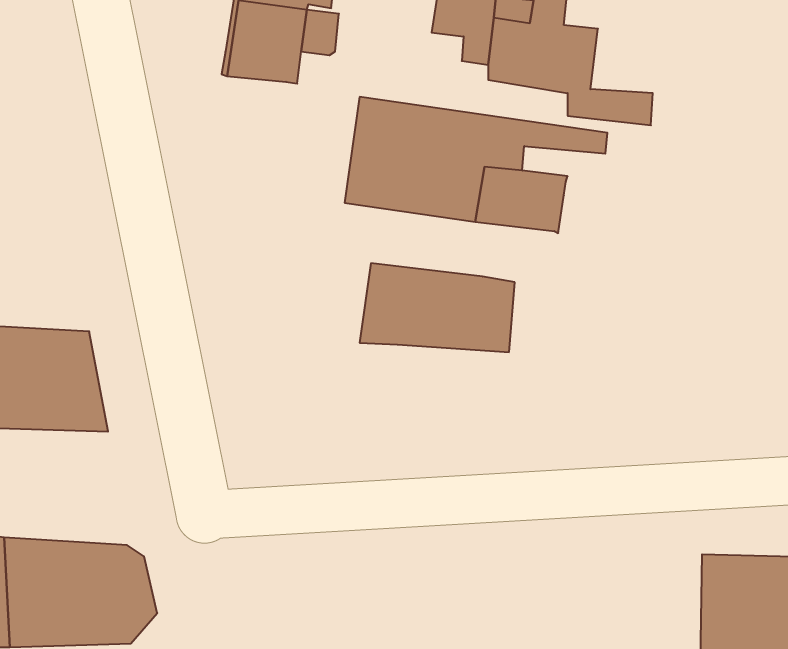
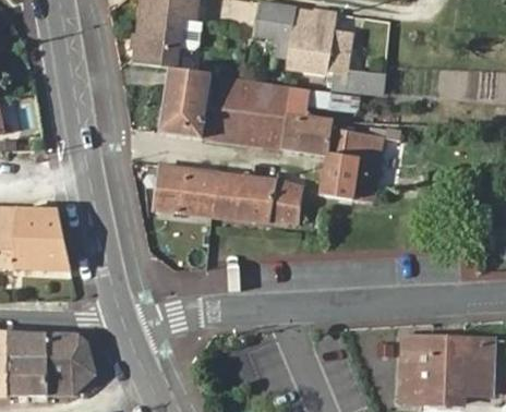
building: none -> [160,66,213,136]
building: none -> [322,132,380,196]
building: none -> [154,165,219,217]

